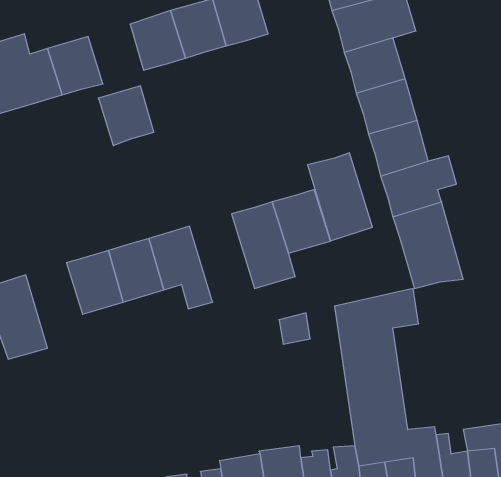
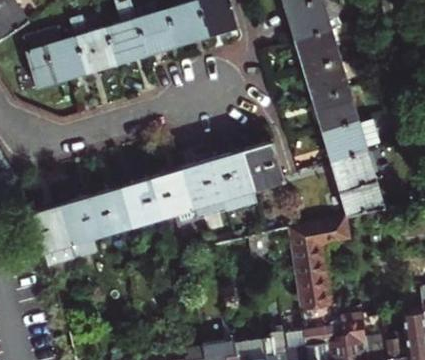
building: [98,86,154,146] -> [106,21,147,65]
building: [307,153,372,241] -> [181,161,229,226]
building: none -> [60,197,102,260]

